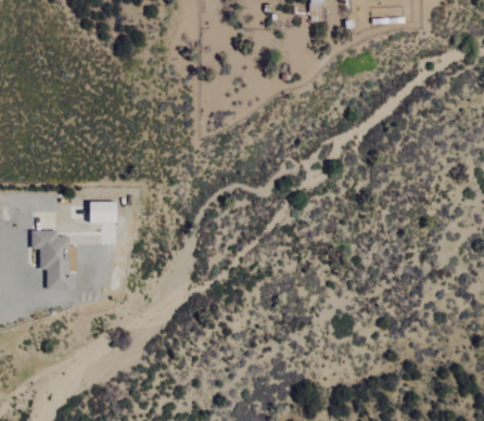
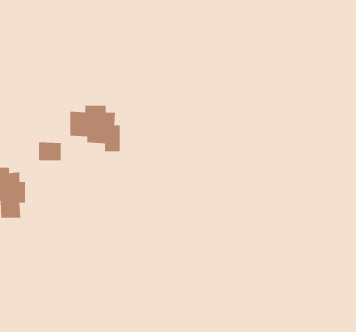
building: none -> [70,105,120,152]

